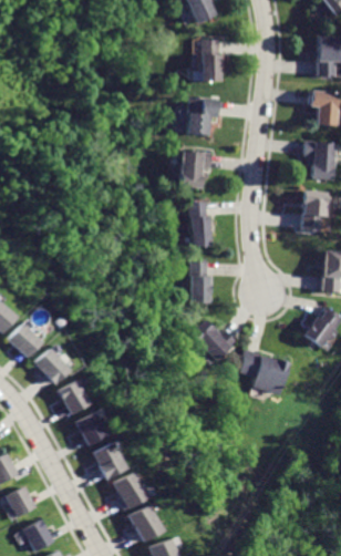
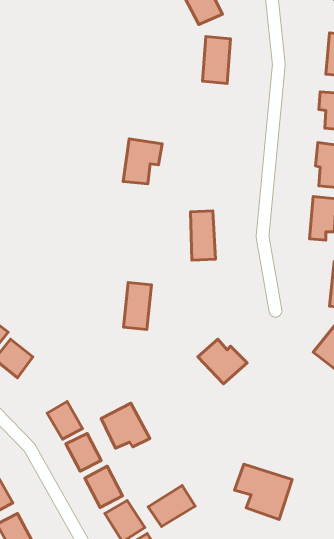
building: [188,94,221,133] -> none
building: [180,145,217,187] -> [123,139,162,184]
building: [188,257,215,301] -> [123,282,152,330]
building: [238,344,292,397] -> [235,464,292,520]
building: [29,347,65,385] -> none
building: none -> [101,403,150,448]
building: none -> [148,485,195,527]

